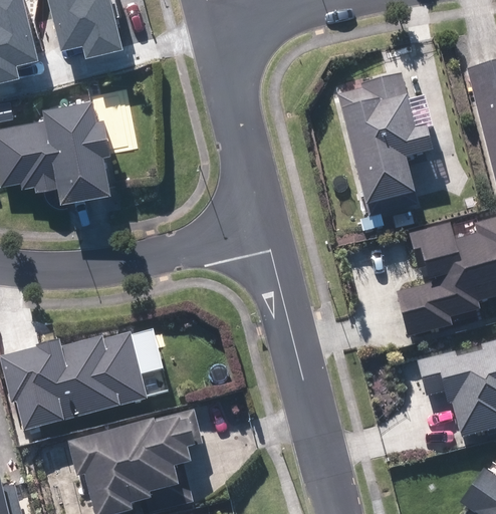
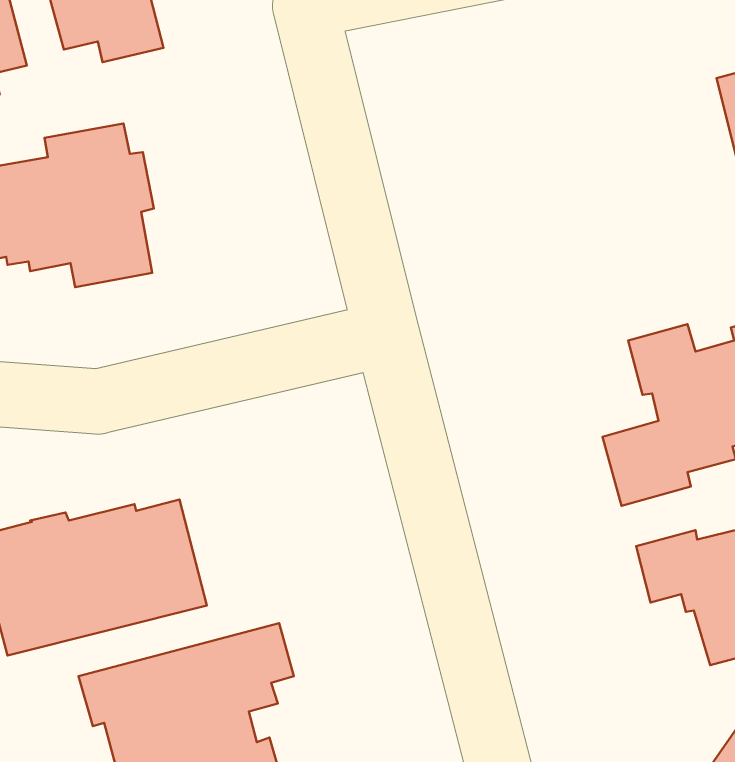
building: [338,74,435,205] -> none

